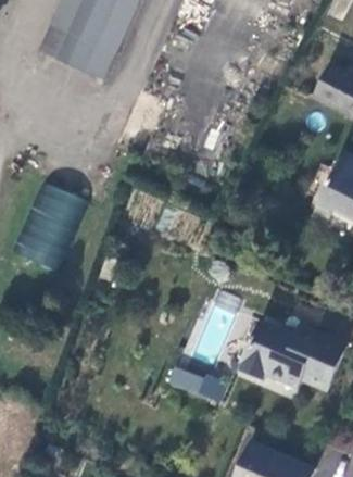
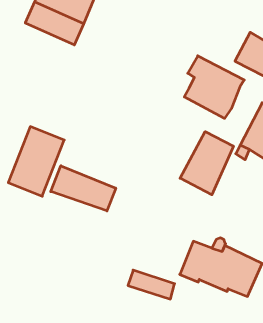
building: none -> [184,56,244,118]
building: none -> [180,132,233,195]
building: none -> [51,166,116,211]

